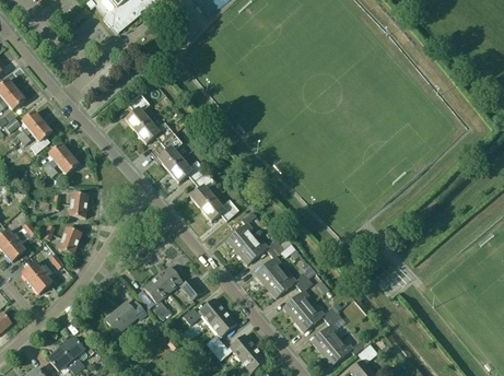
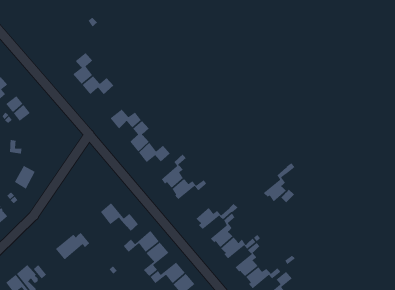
building: [157,132,187,169] -> none
building: [70,189,89,216] -> none
building: [254,238,291,284] -> [263,162,295,202]
building: [143,277,169,319] -> none

